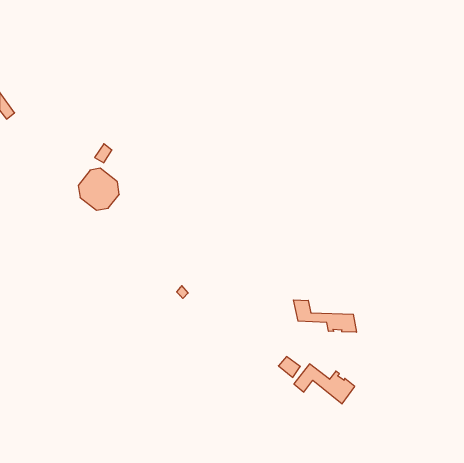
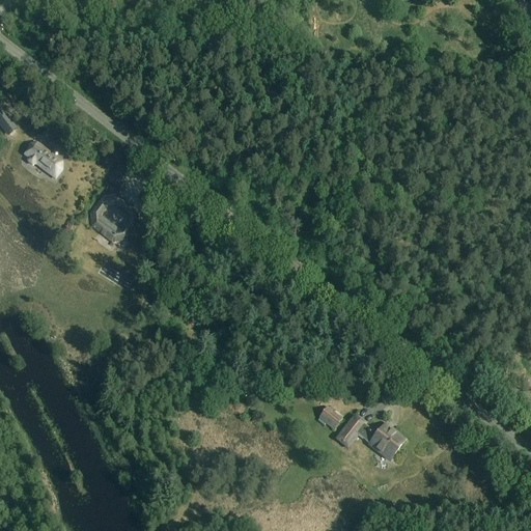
building: none -> [21,141,59,176]
building: [294,300,356,332] -> none

